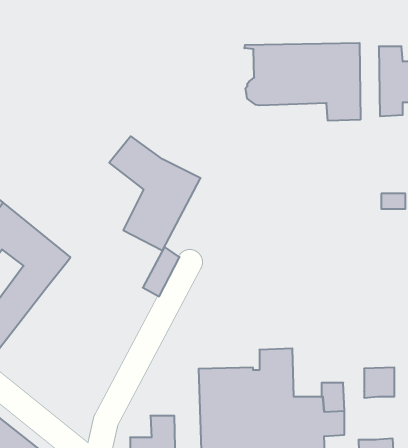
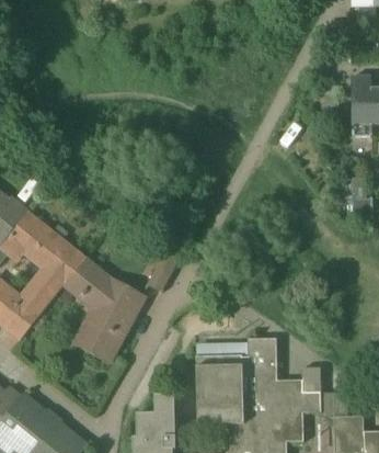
building: [244,43,360,121] -> none
building: [109,136,201,250] -> [64,261,142,360]
building: [364,367,394,398] -> [321,390,347,417]

